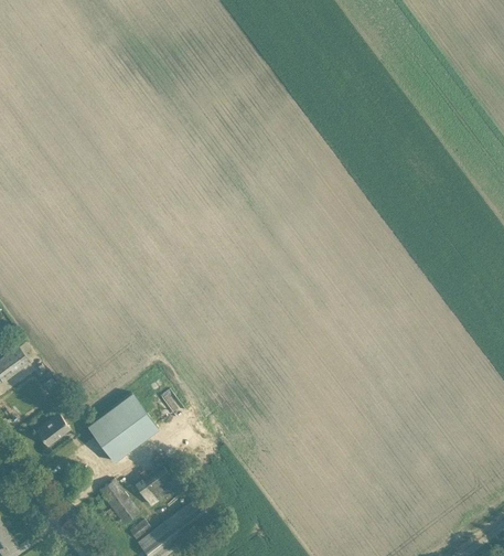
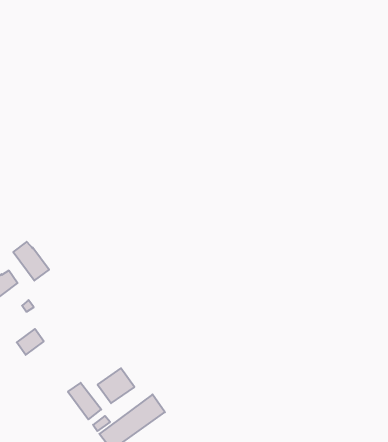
building: none -> [13,242,49,281]
building: [87,394,158,462] -> none

